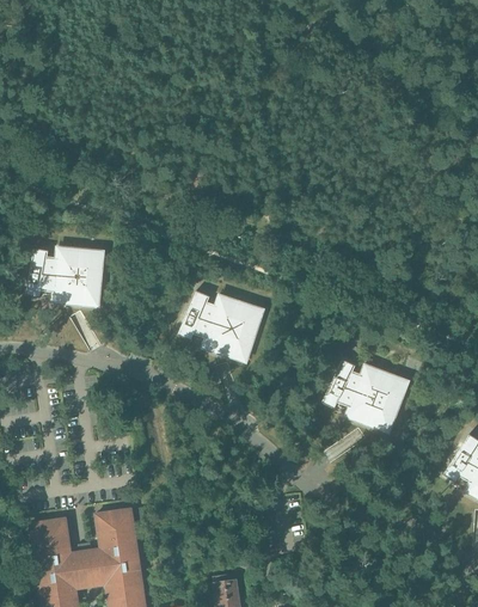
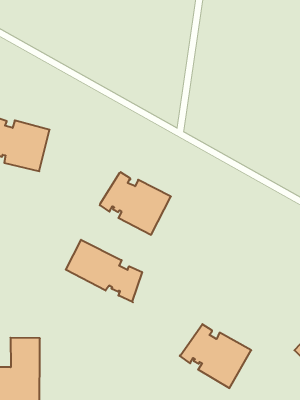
building: [321,360,407,433] -> [180,324,251,388]
building: none -> [66,240,142,302]

